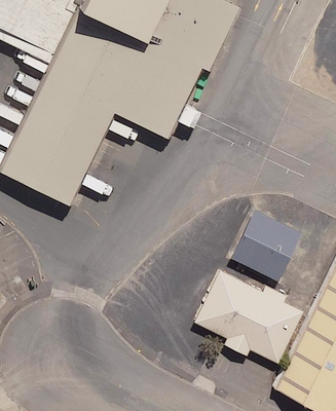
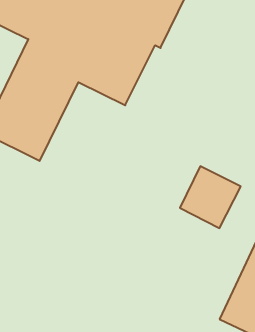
building: [191,270,302,363] -> none

